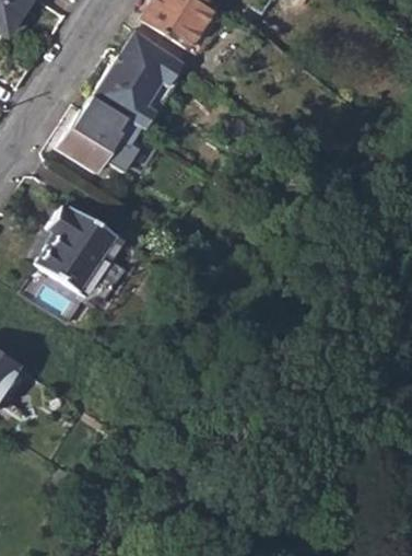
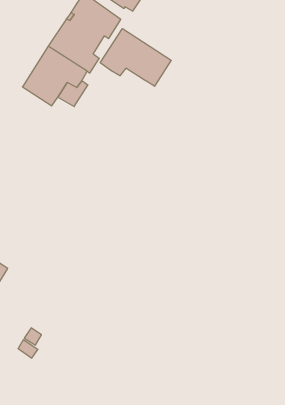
building: none -> [100,29,171,86]
building: [35,206,114,291] -> none

